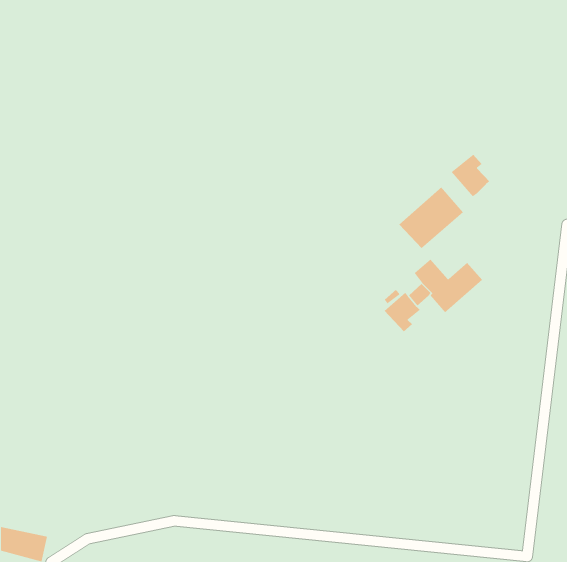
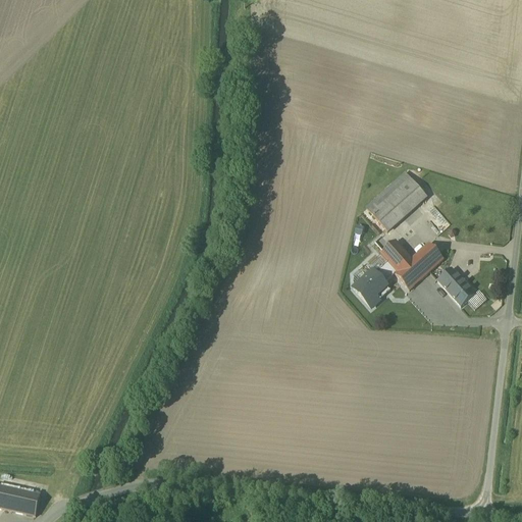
building: [451,154,490,197] -> none
building: none -> [437,266,475,305]

